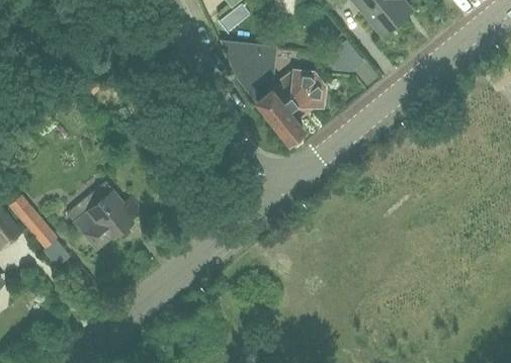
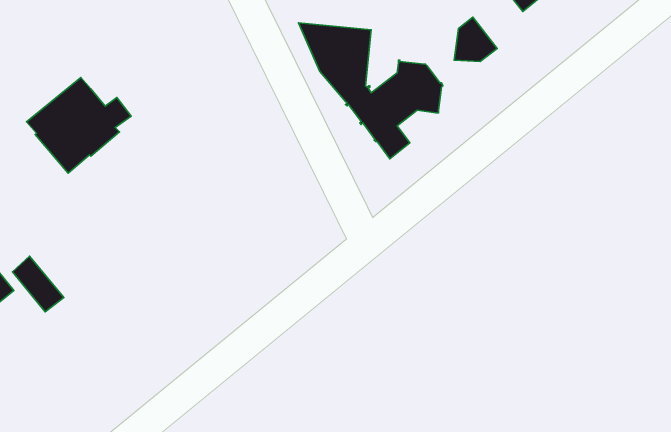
building: [68,182,142,250] -> [27,77,131,173]

